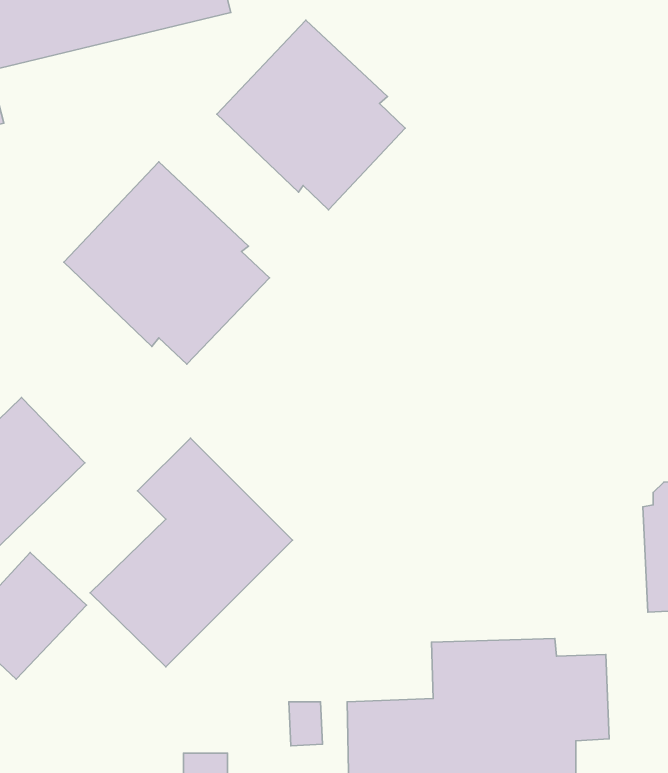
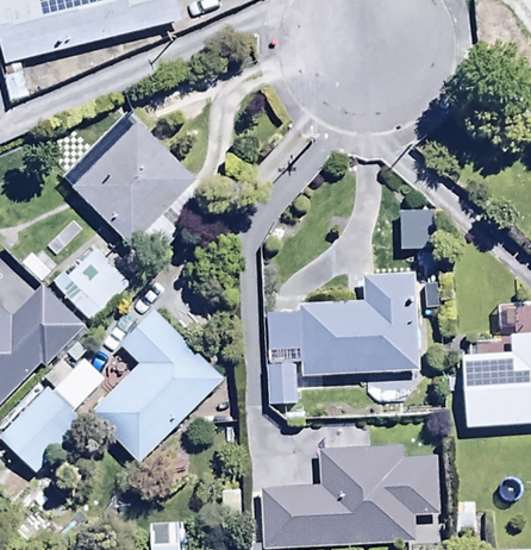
building: [217,20,405,210] -> none
building: none -> [54,246,131,320]
building: none -> [267,271,418,406]

